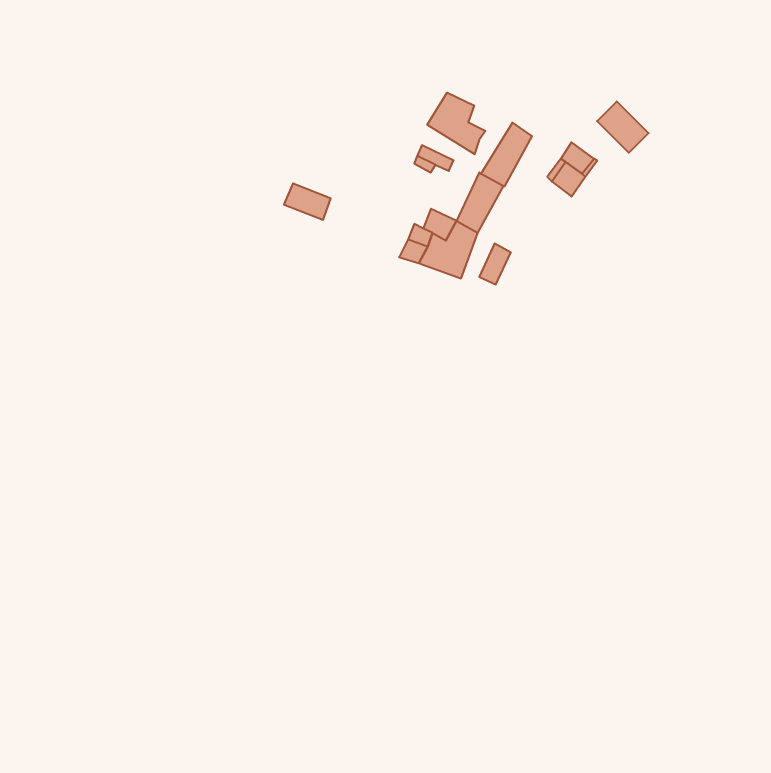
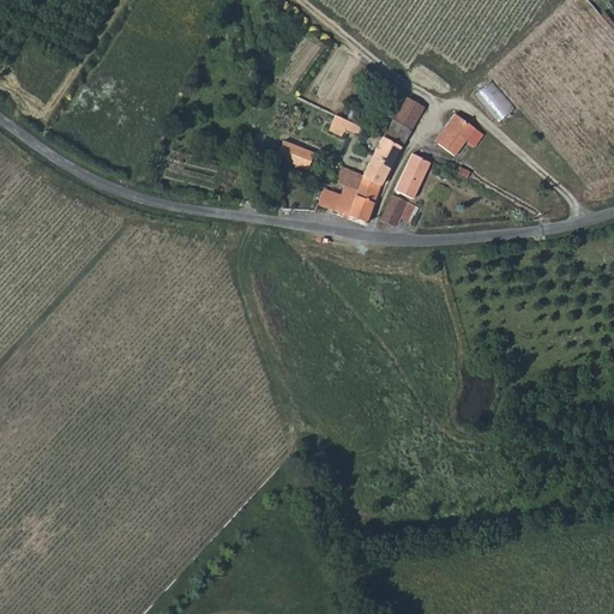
building: [427,93,485,154] -> none
building: [284,183,331,220] -> [277,140,314,169]
building: none -> [396,154,429,198]

